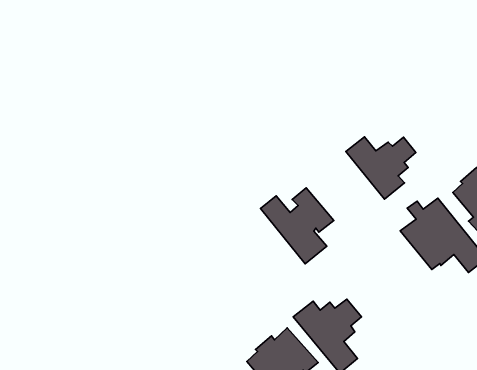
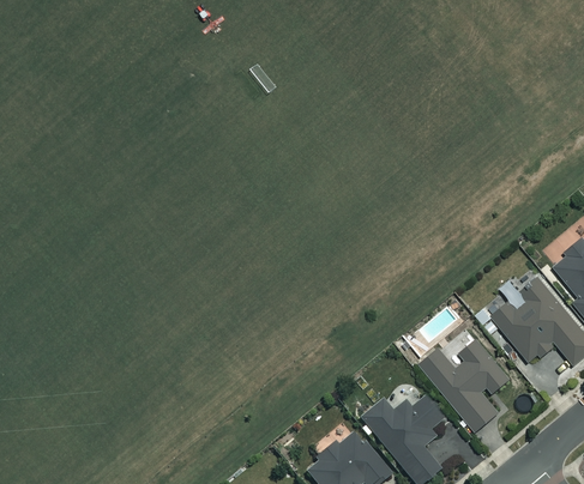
building: [346,137,416,199] -> none
building: [260,188,334,264] -> [420,338,508,430]

